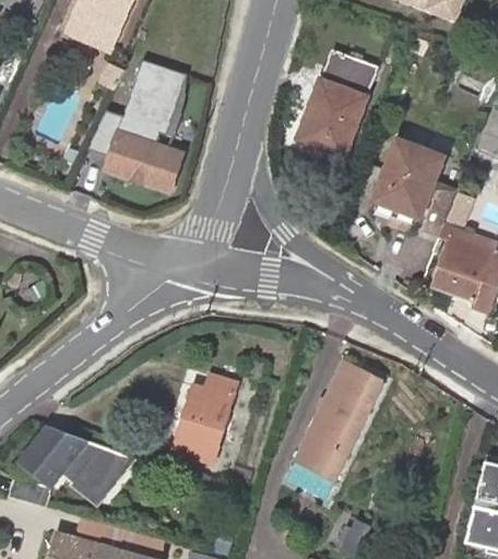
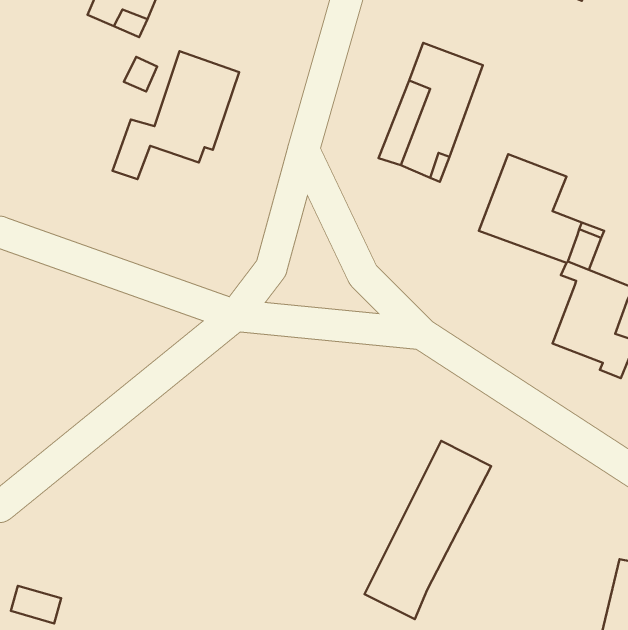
building: [106,131,182,191] -> none
building: [175,378,234,462] -> none
building: [17,421,131,498] -> none

